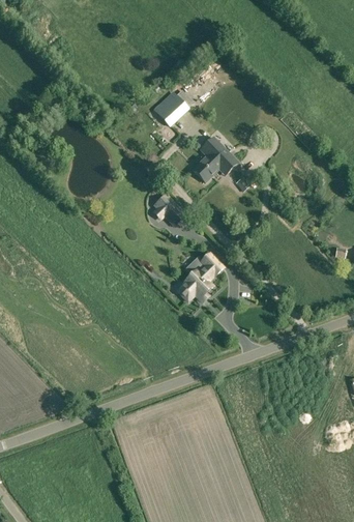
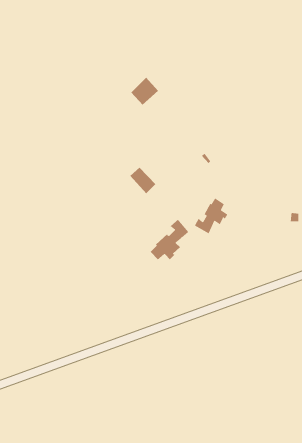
building: [191,138,237,183] -> none
building: none -> [194,197,228,234]

